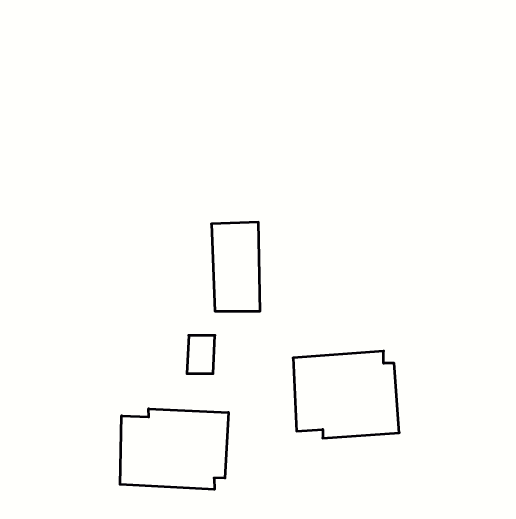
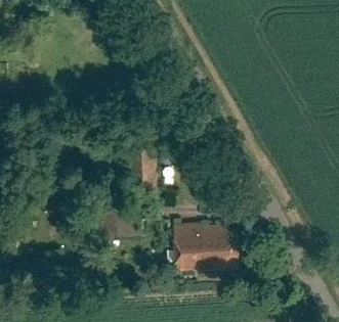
building: [120,409,228,489] -> none

